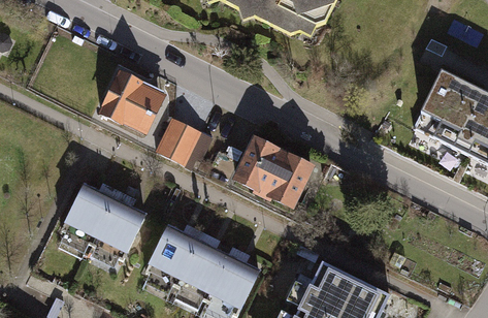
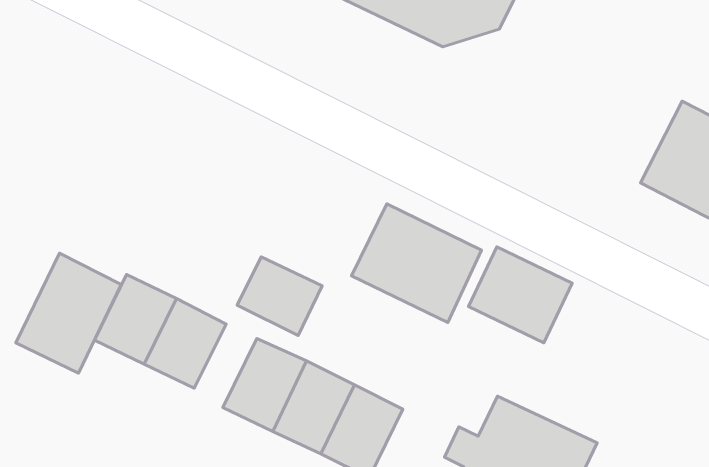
building: [97,71,164,136] -> none
building: [157,116,212,166] -> [237,257,322,336]
building: none -> [469,247,572,343]
building: none -> [16,253,121,373]

